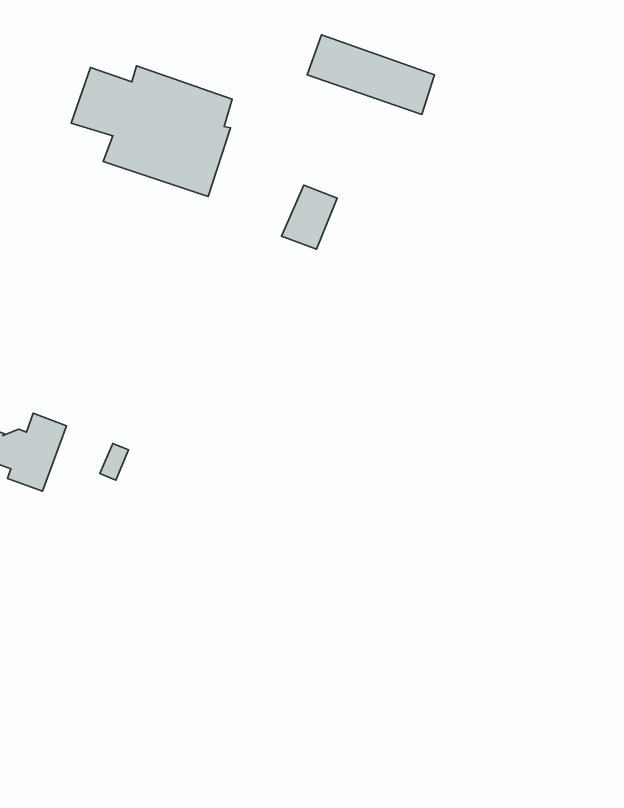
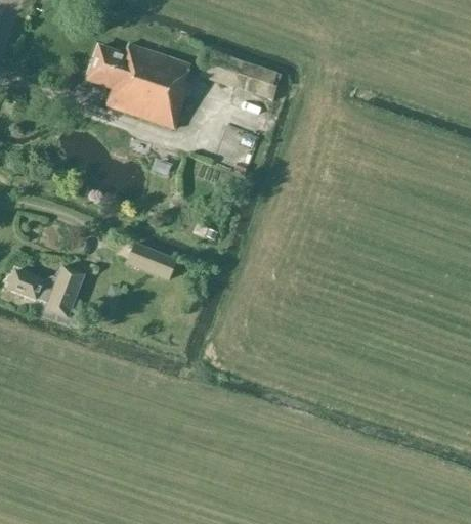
building: [307,35,435,115] -> [200,49,282,100]
building: none -> [127,242,178,280]

